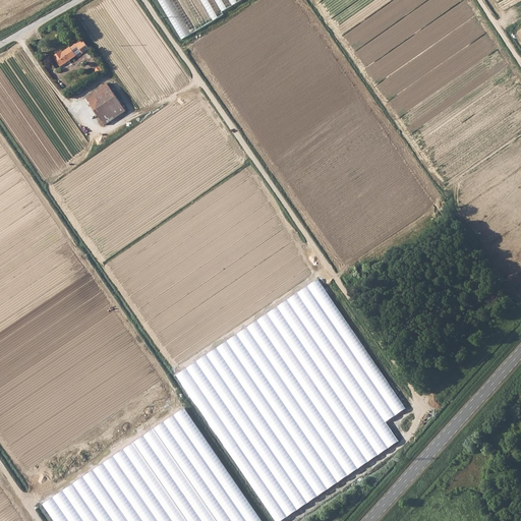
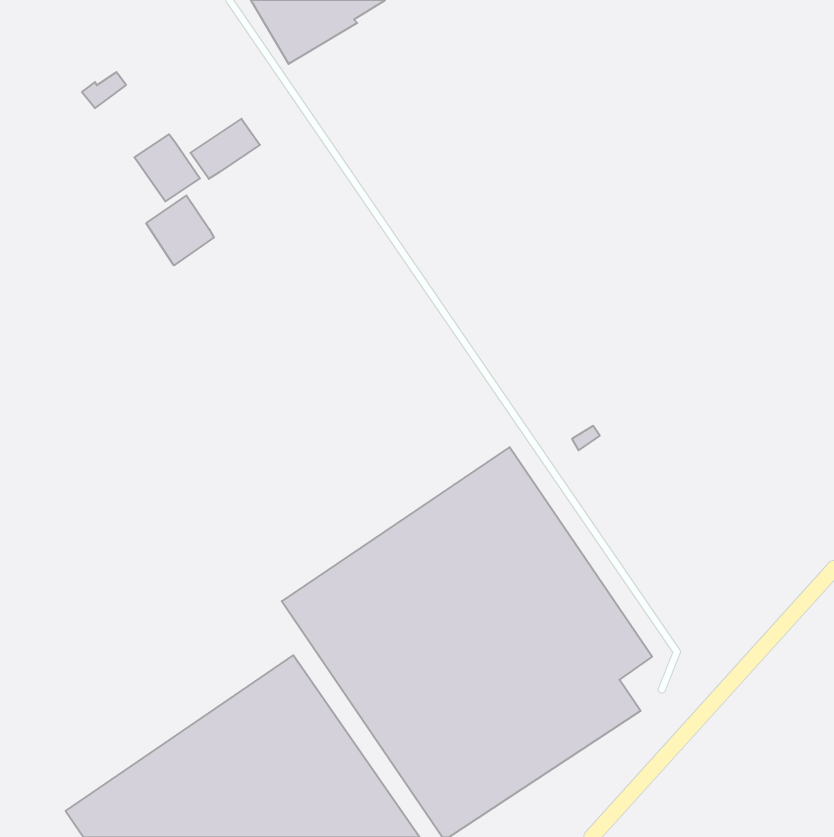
building: none -> [190,119,260,179]
building: none -> [146,195,214,265]

